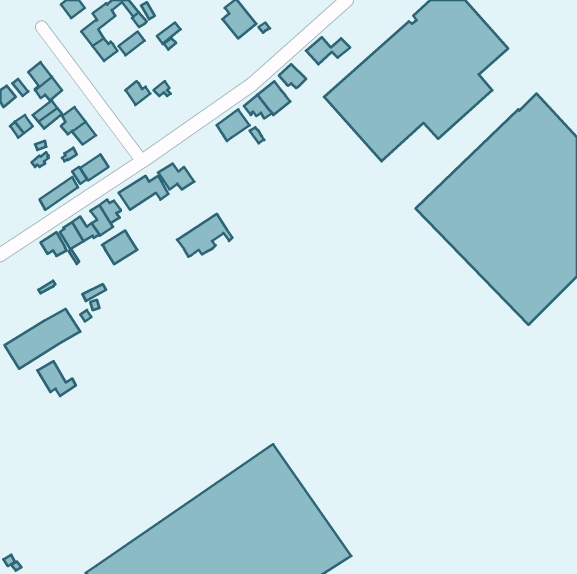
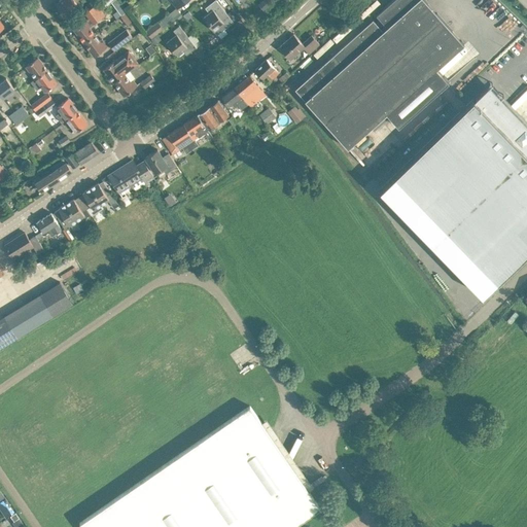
building: none -> [167,28,197,58]
building: none -> [104,52,139,84]
building: [177,214,232,257] -> [162,116,212,155]
building: [102,231,137,264] -> none
building: none -> [5,234,43,259]
building: [37,361,76,396] -> none

